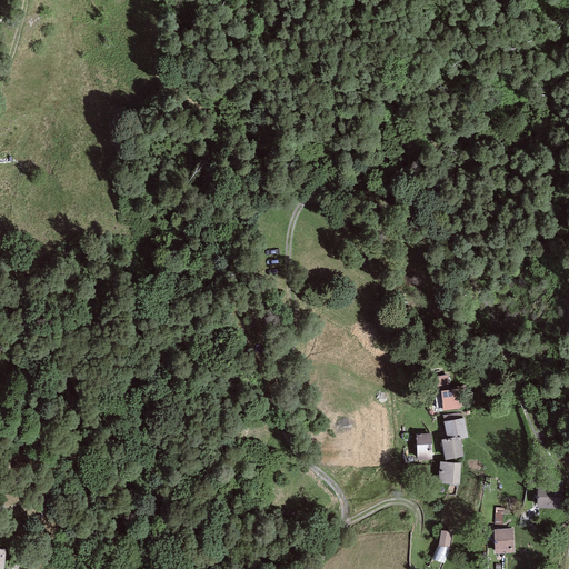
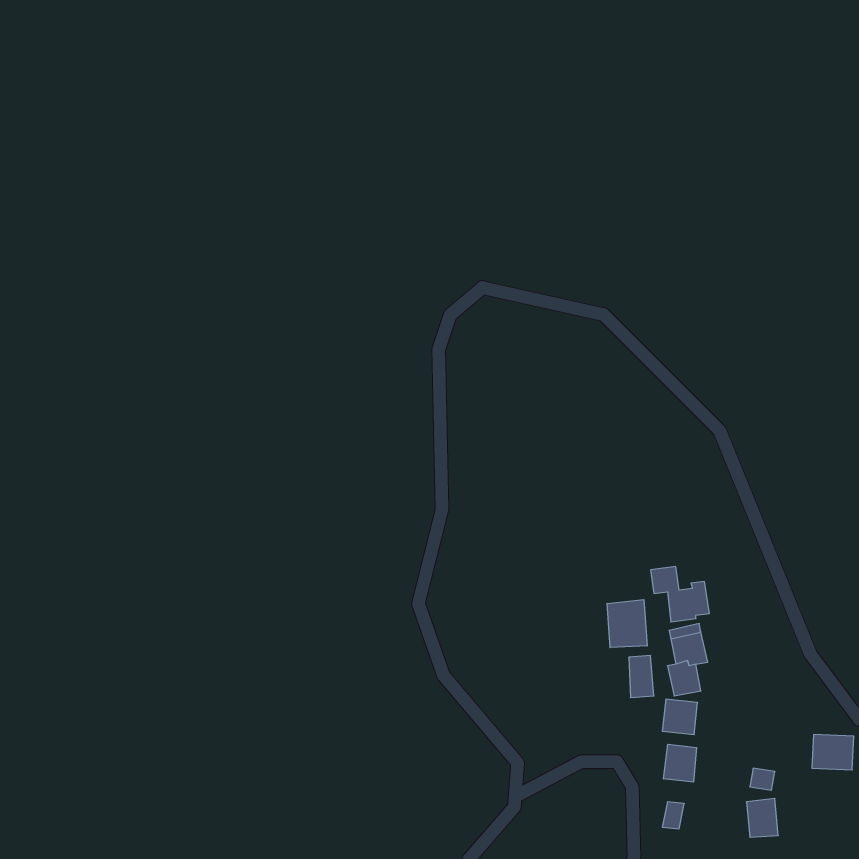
building: none -> [607,600,647,648]
building: none -> [664,744,697,782]

